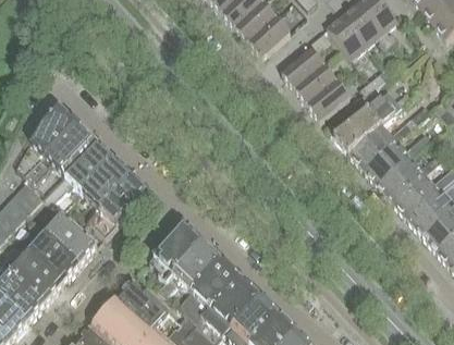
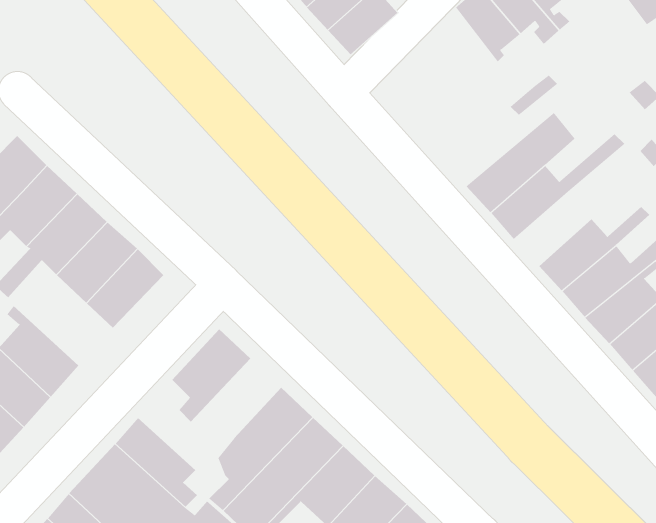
building: [282,29,349,120] -> none
building: [363,131,431,185] -> none
building: [159,242,220,296] -> none

